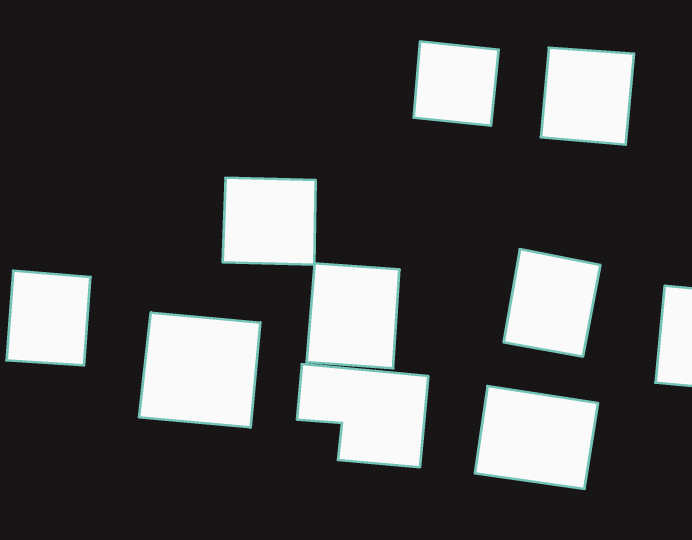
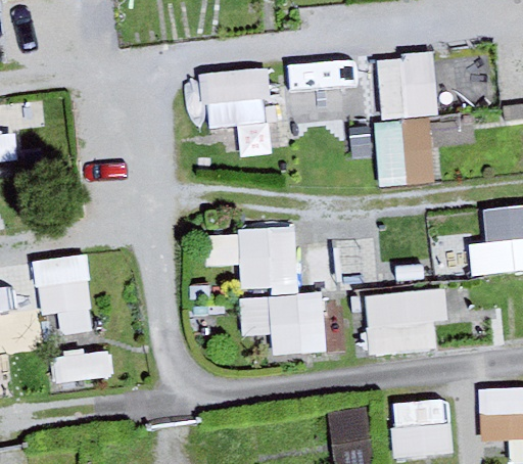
building: [223,178,316,264] -> [203,66,272,131]
building: [504,249,600,356] -> [376,119,434,185]
building: [139,312,260,428] -> none

